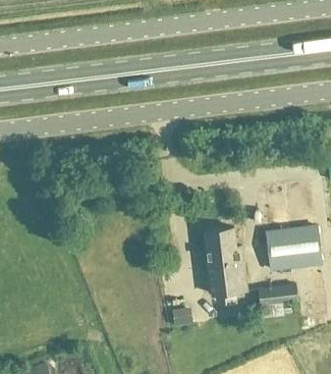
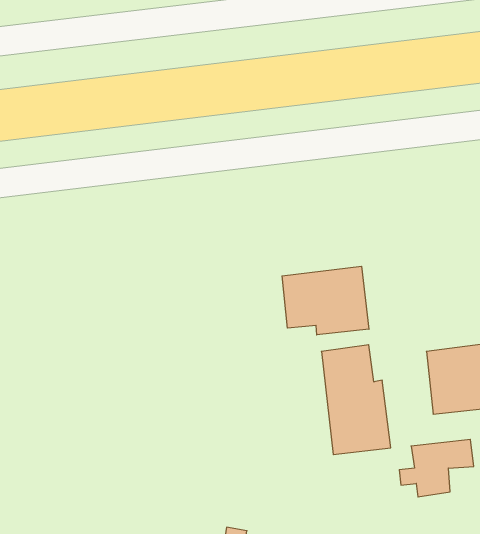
building: none -> [282,266,369,335]

